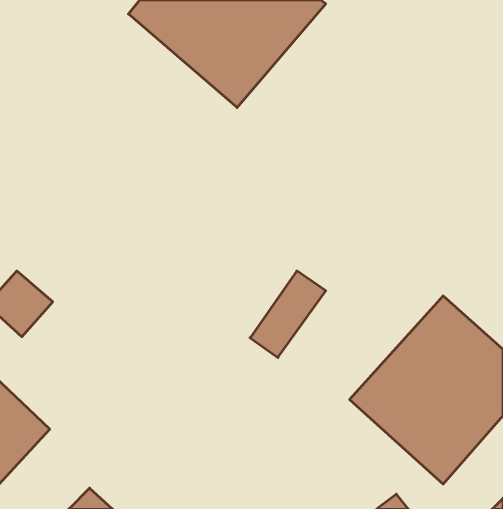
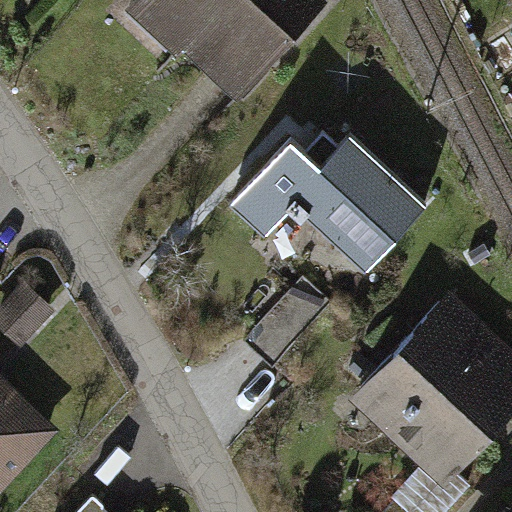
building: none -> [227,135,427,271]

